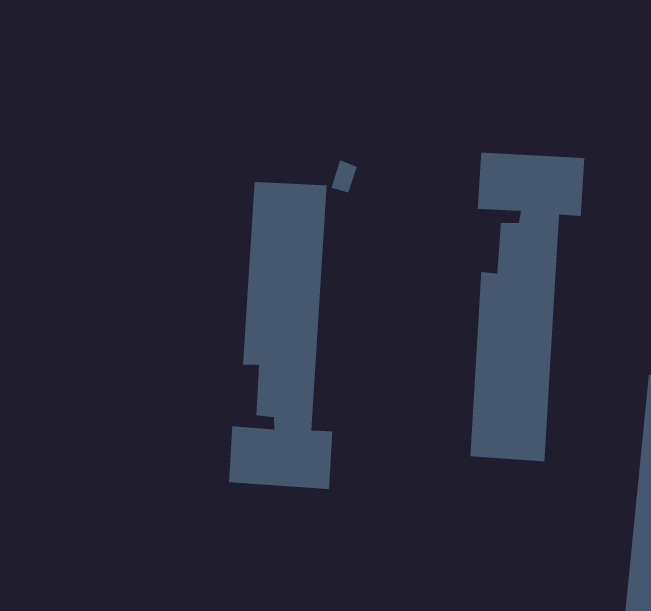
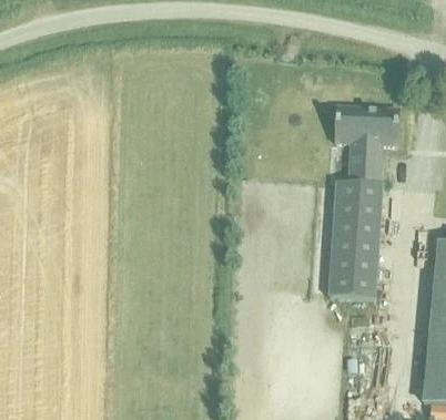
building: [228,181,333,490] -> none

